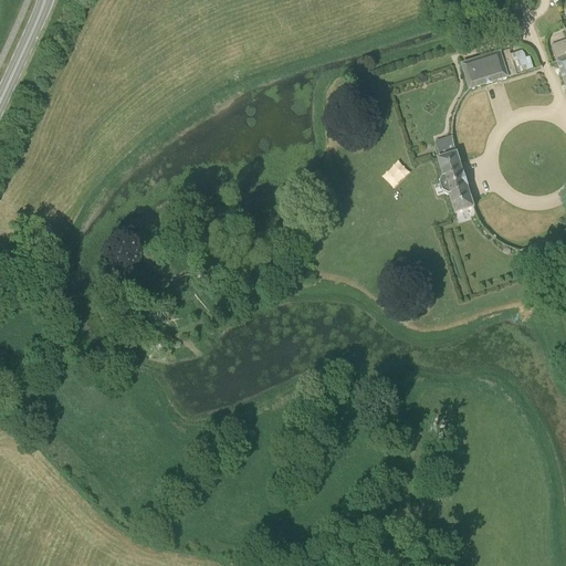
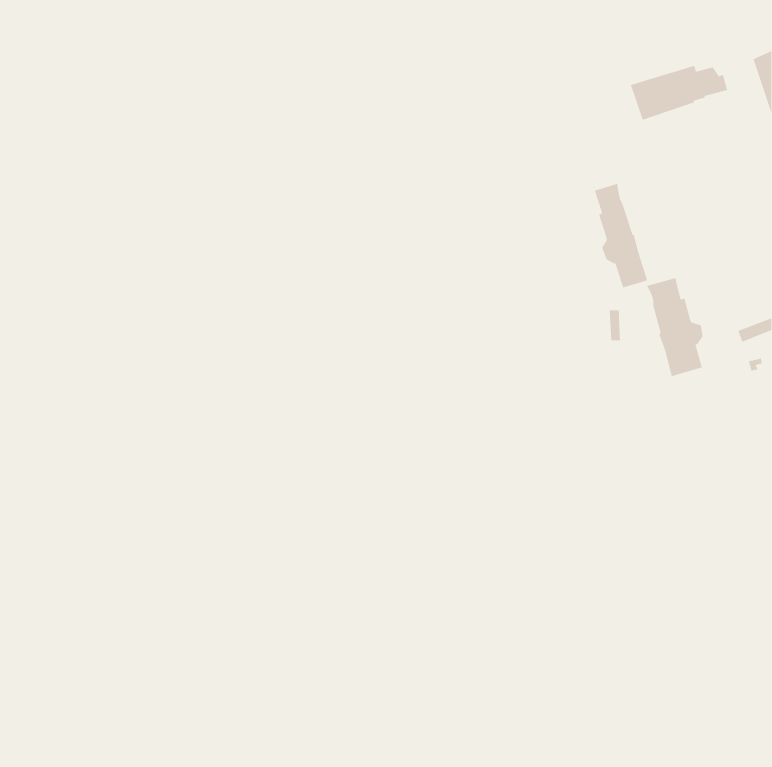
building: none -> [646,277,704,377]

